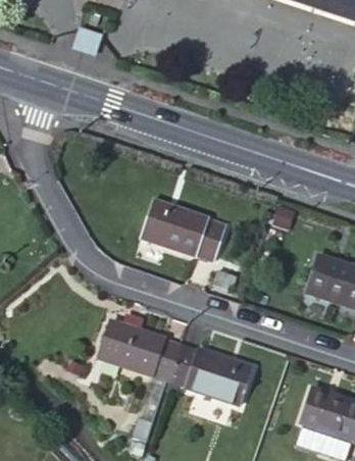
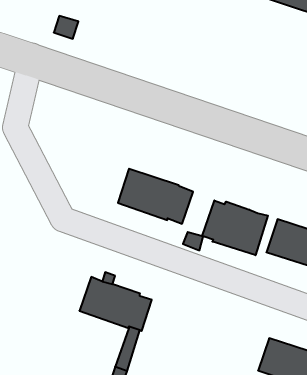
building: none -> [202,200,268,255]
building: [168,344,251,404] -> none

